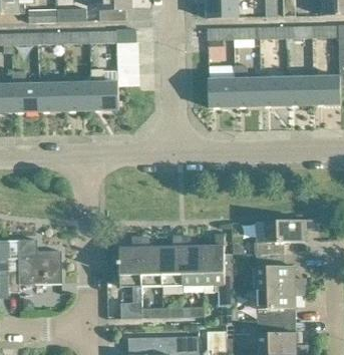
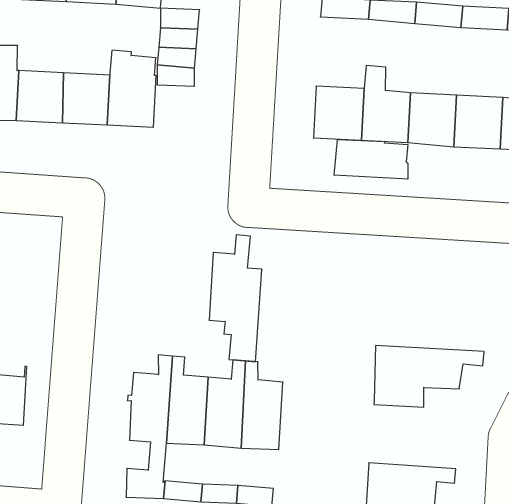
building: none -> [334,139,408,179]
building: [204,235,233,305] -> [209,235,262,362]
building: [256,253,305,287] -> none

